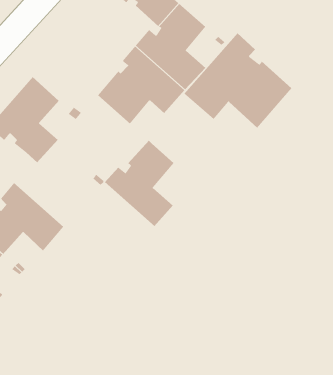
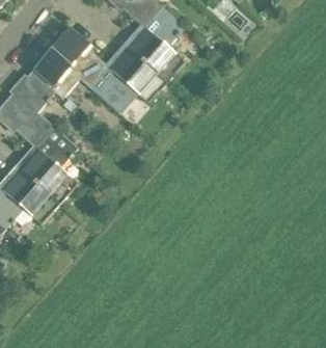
building: none -> [30,26,106,96]
building: [184,33,292,128] -> none
building: [104,140,175,227] -> [13,126,76,203]

